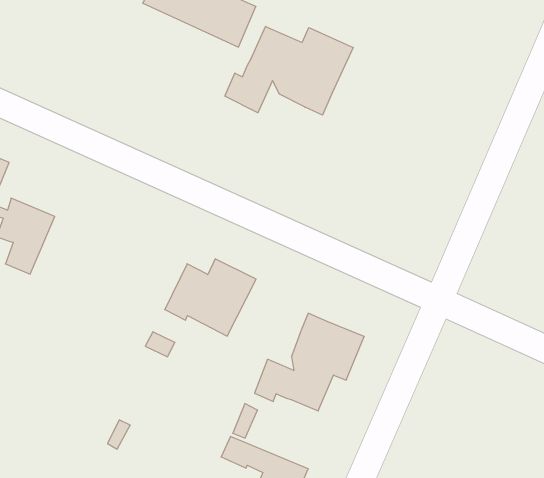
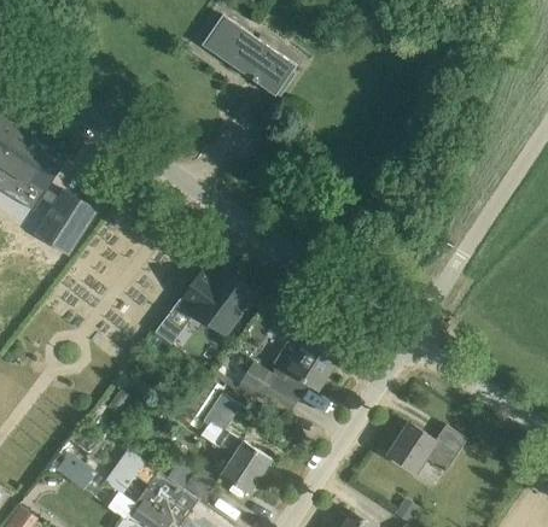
building: [225,26,353,115] -> none
building: none -> [387,422,466,473]

